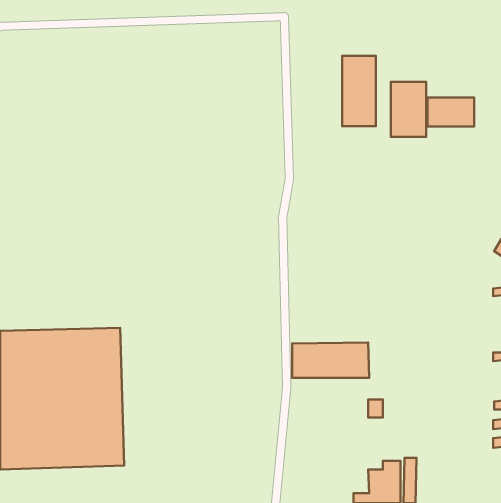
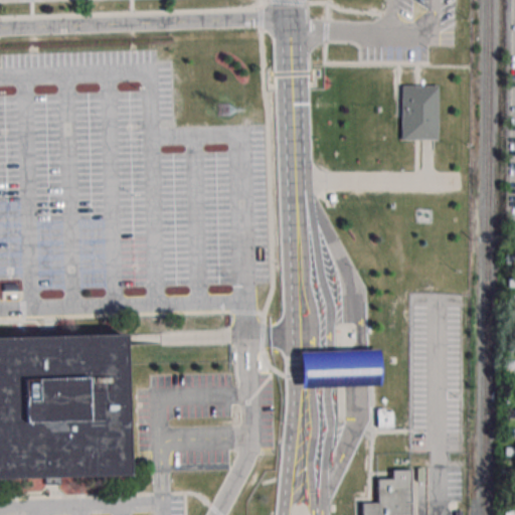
building: [342,56,376,126] -> none
building: [427,98,474,126] -> none

